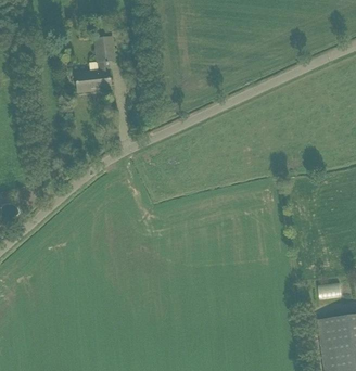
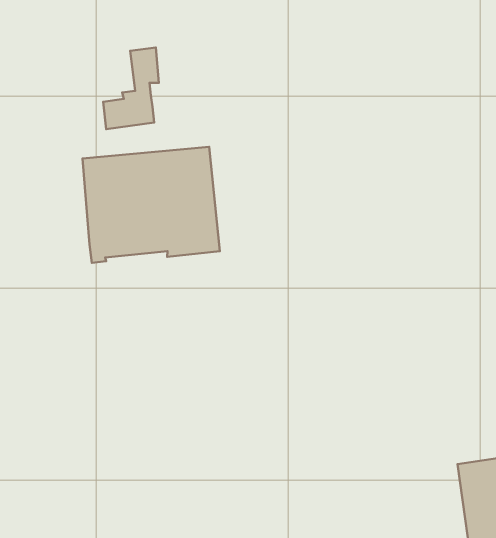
building: none -> [82,147,220,263]

